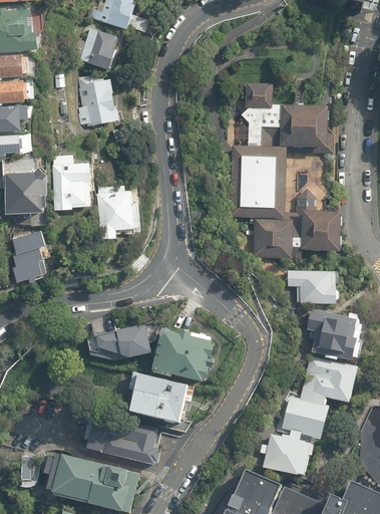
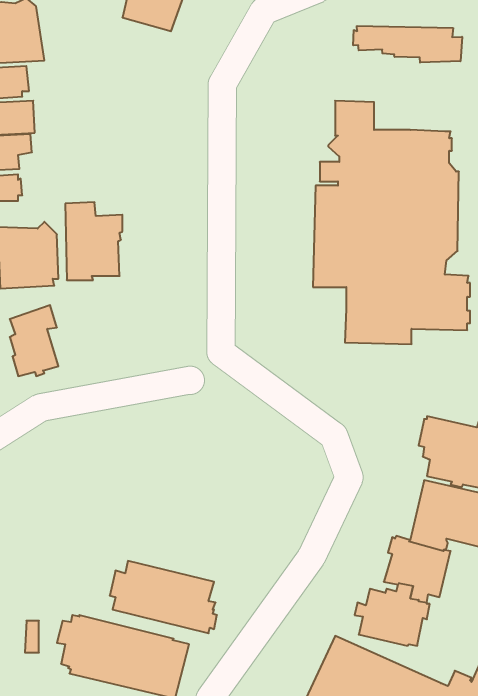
building: none -> [353,26,462,63]
building: [72,28,117,70] -> none
building: [72,75,120,127] -> none
building: [96,186,140,235] -> none
building: [288,268,339,302] -> none
building: [87,324,152,362] -> none
building: [155,327,217,380] -> none
building: [130,373,188,420] -> none

